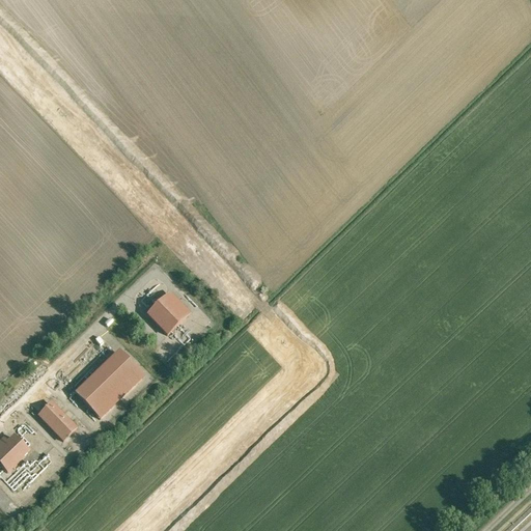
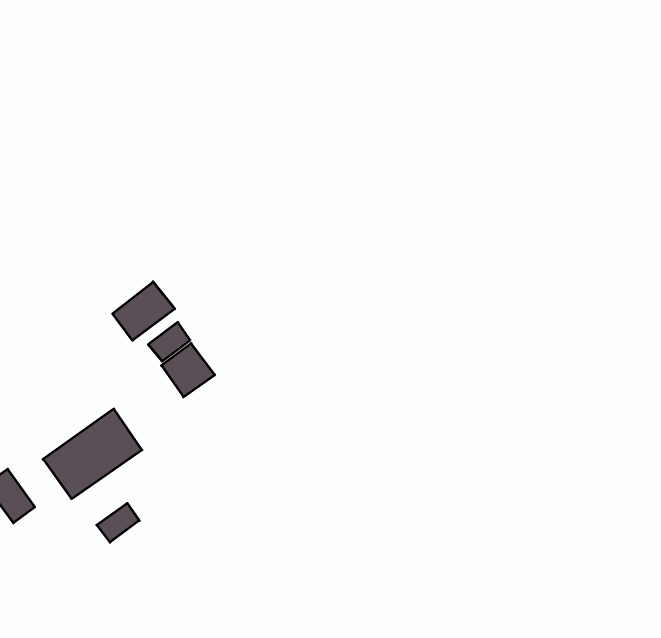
building: none -> [113,282,175,340]
building: none -> [97,503,139,542]

